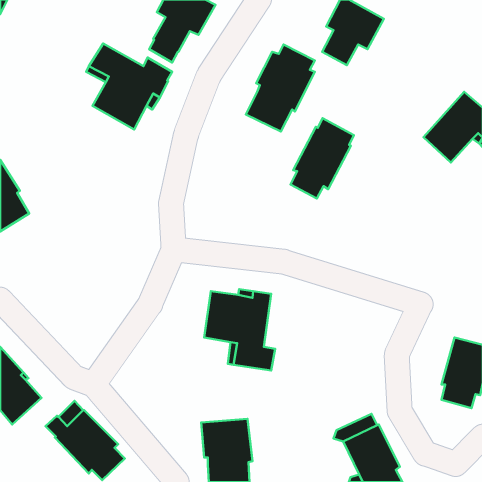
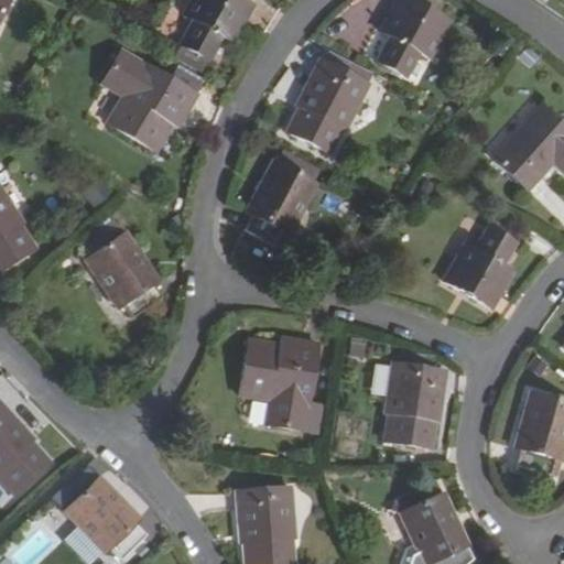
building: [290,118,354,199] -> [243,152,317,246]
building: none -> [78,219,164,317]
building: none -> [444,224,512,305]
building: none -> [383,354,446,449]

